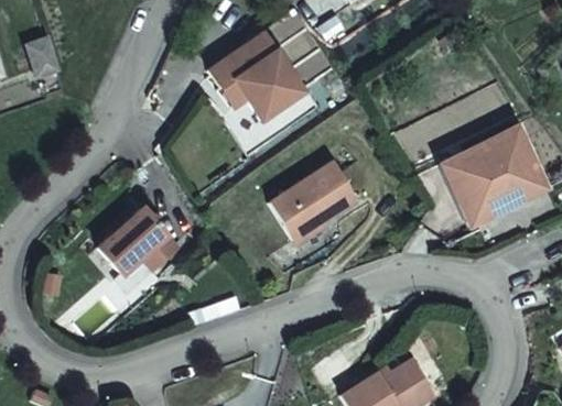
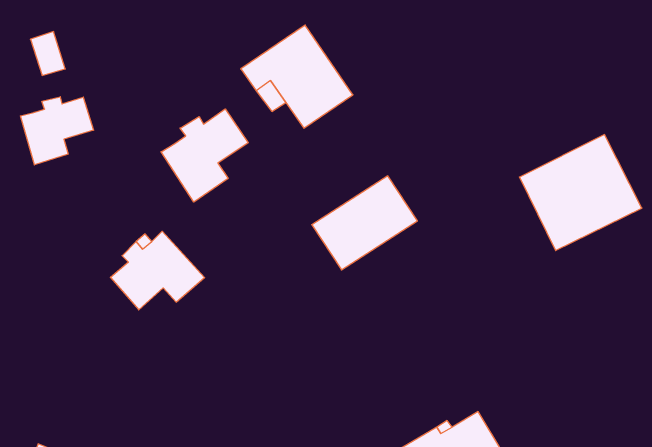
building: none -> [20,97,94,165]
building: none -> [161,109,248,202]

